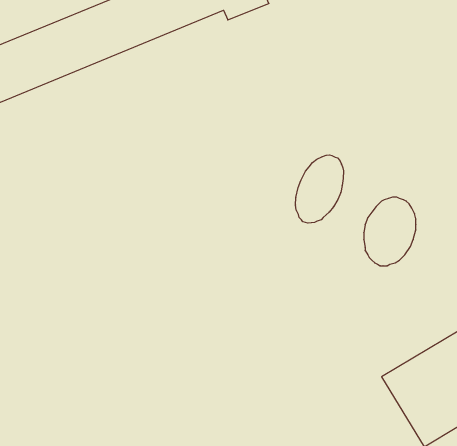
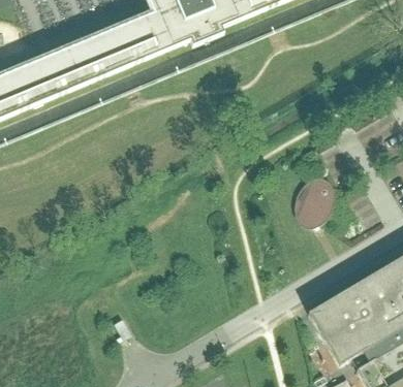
building: [296,155,344,223] -> none

